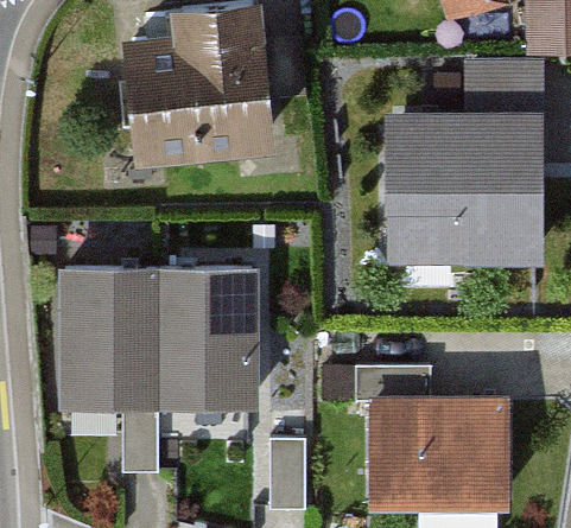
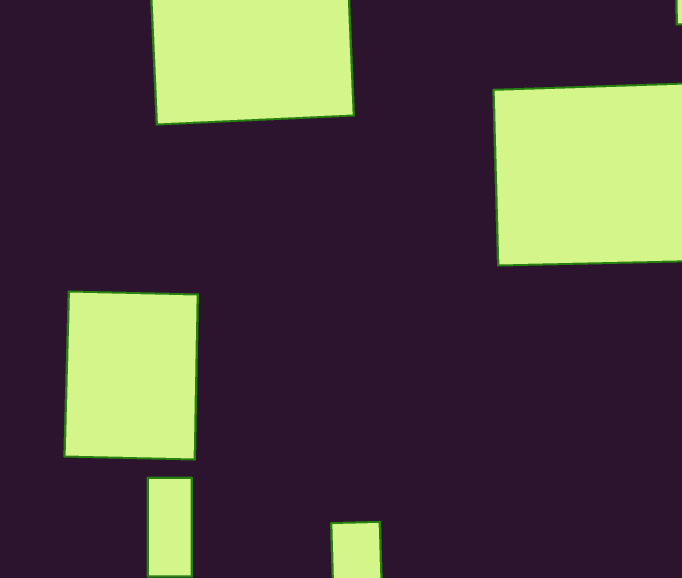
building: [157,265,260,396] -> none
building: [366,389,507,478] -> none

